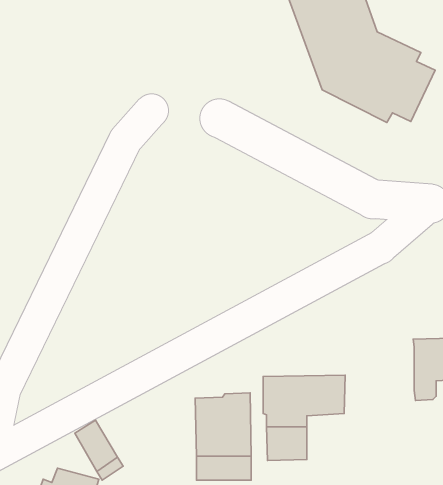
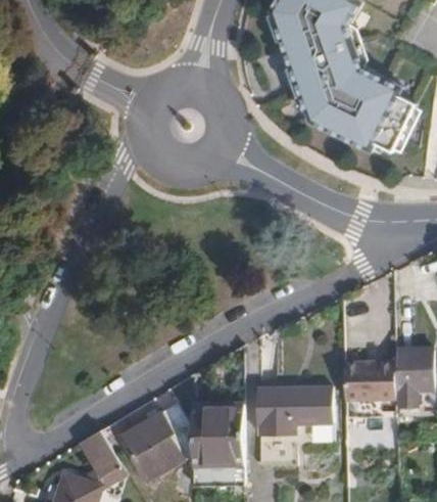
building: none -> [345,360,396,402]
building: none -> [119,403,190,480]

